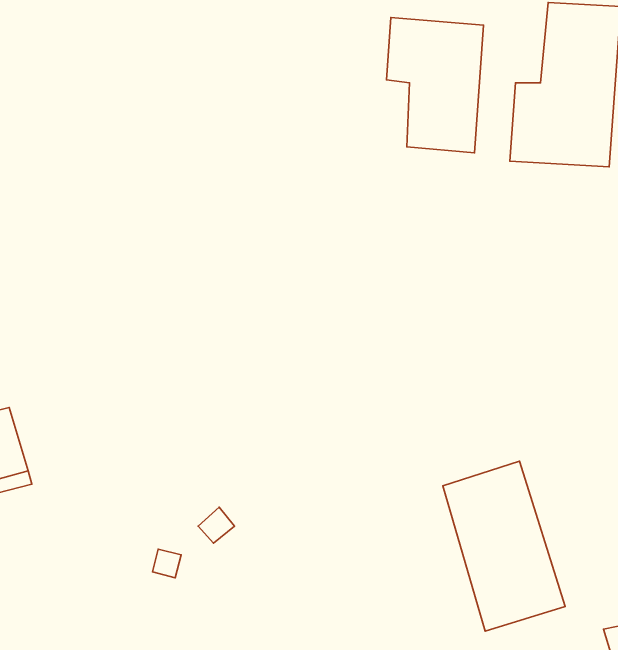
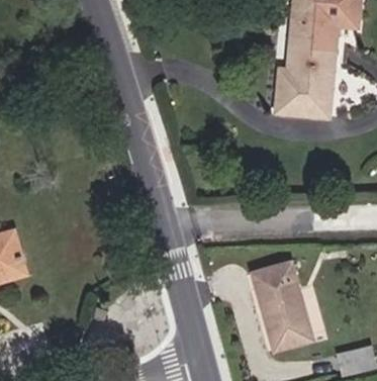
building: [387,17,483,153] -> none

